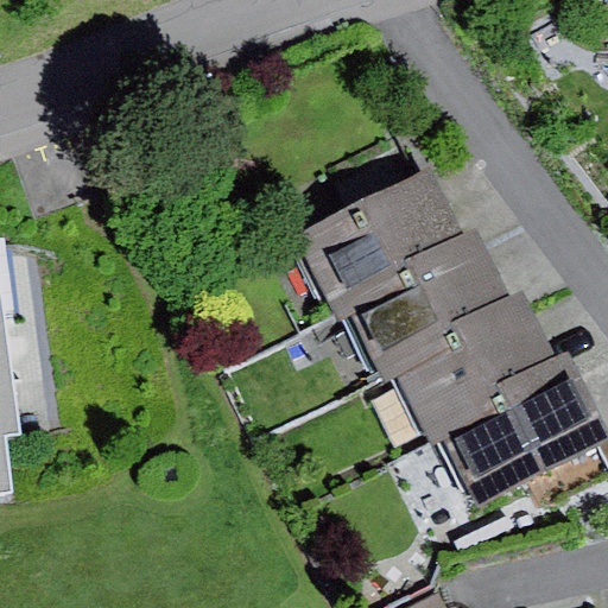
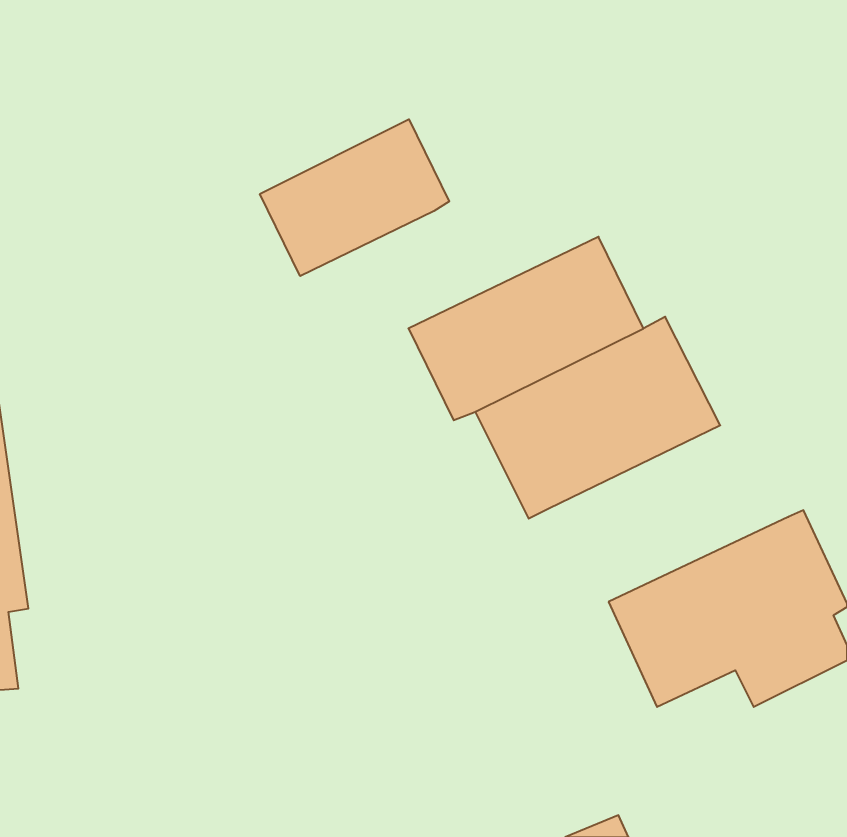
building: none -> [260,119,449,276]
building: [391,297,562,437] -> none

